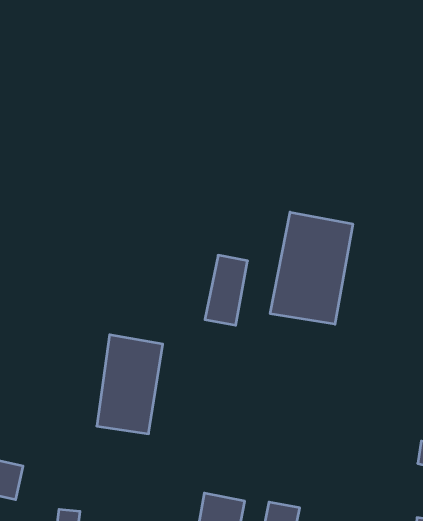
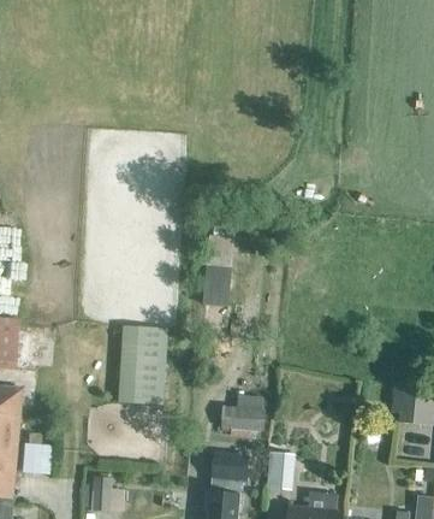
building: [270,212,353,324] -> none
building: none -> [231,407,266,430]

